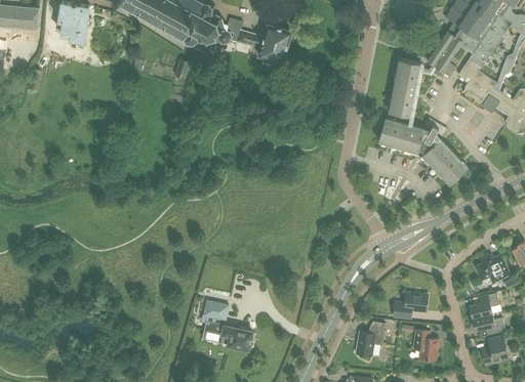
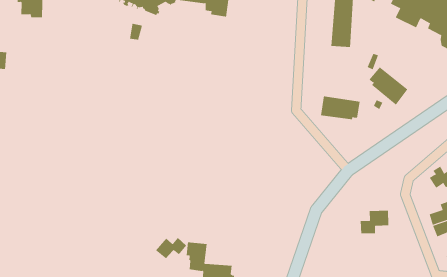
building: [377,121,422,151] -> [320,96,360,120]
building: none -> [155,237,187,259]
building: [355,322,386,355] -> none
building: [412,329,437,359] -> none

